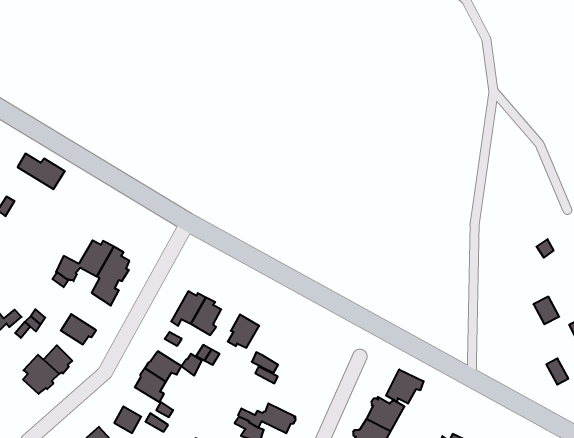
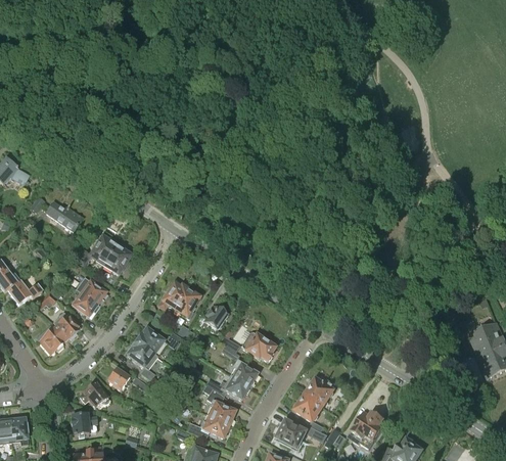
building: [18,154,65,189] -> [47,201,84,231]
building: none -> [77,276,107,307]
building: none -> [241,329,276,362]
building: [386,369,424,404] -> none
building: none -> [230,361,258,387]

